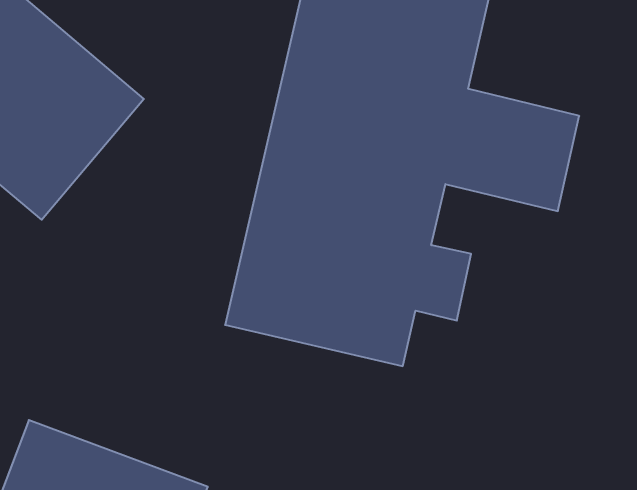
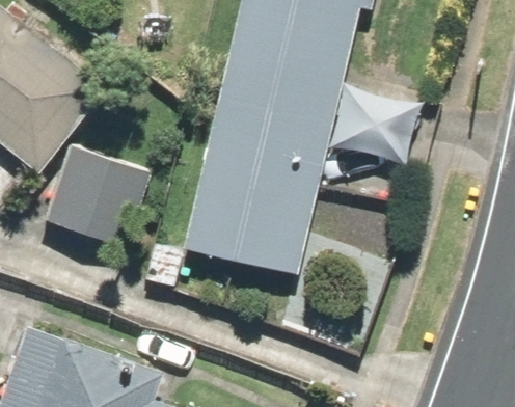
building: none -> [39,153,143,244]

